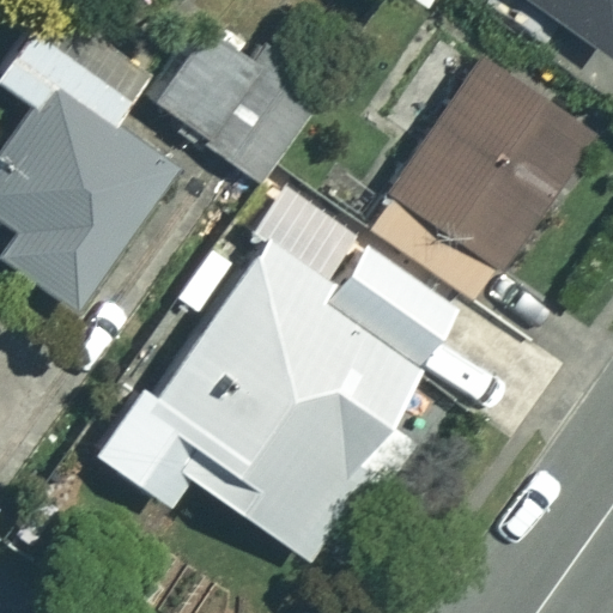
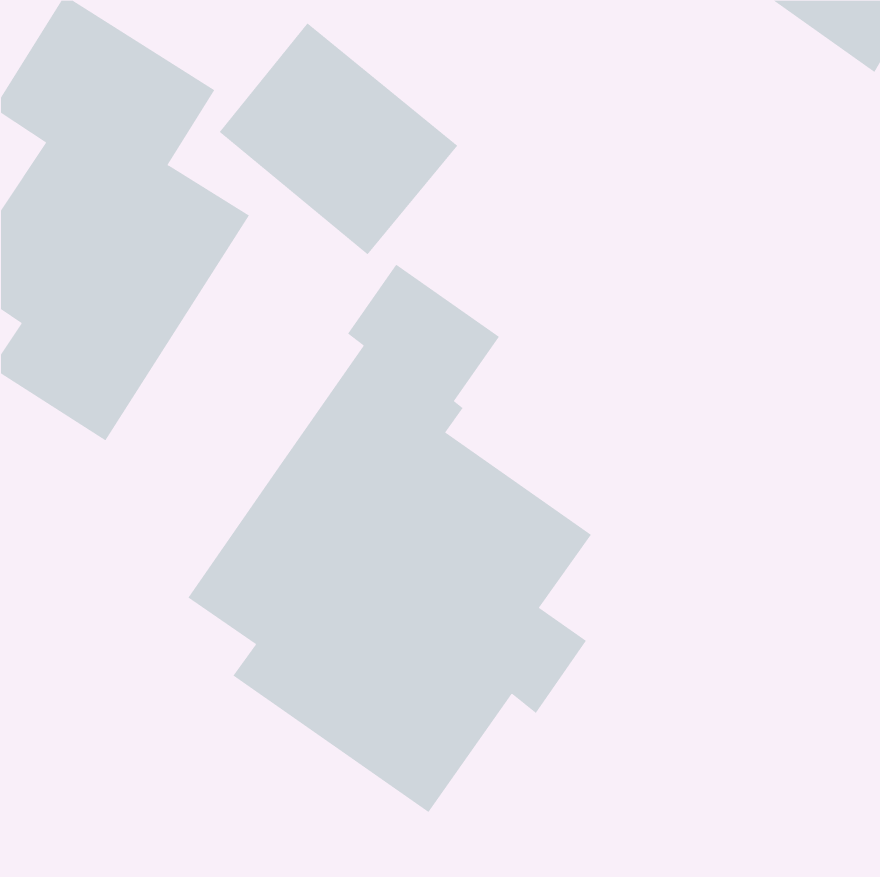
building: [368,59,596,305] -> none
building: [317,249,450,371] -> none

